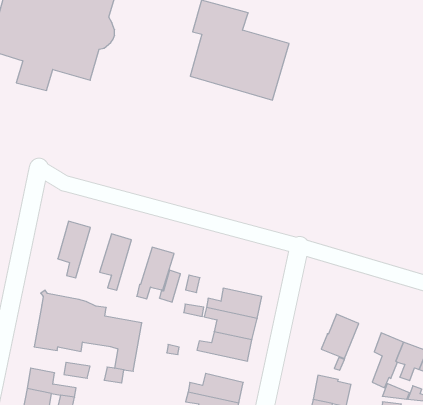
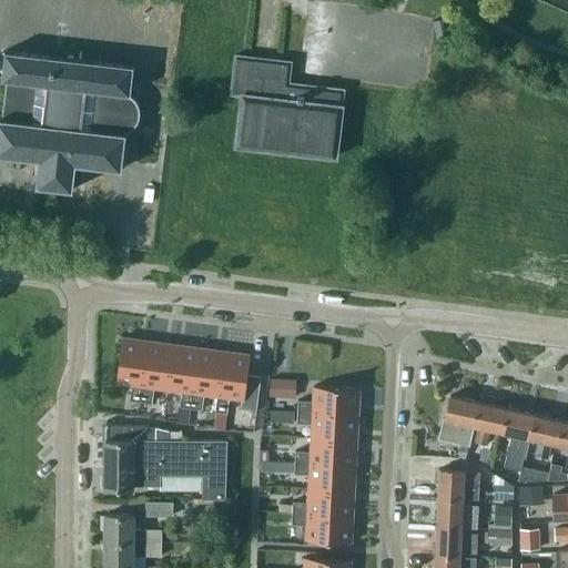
building: none -> [140,342,173,404]
building: none -> [190,348,223,410]
building: none -> [471,403,505,446]
building: none -> [294,464,355,493]

